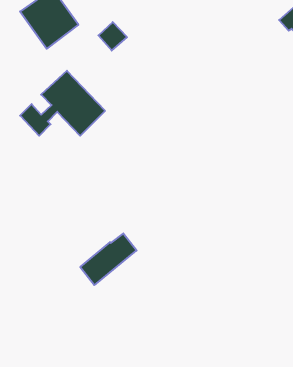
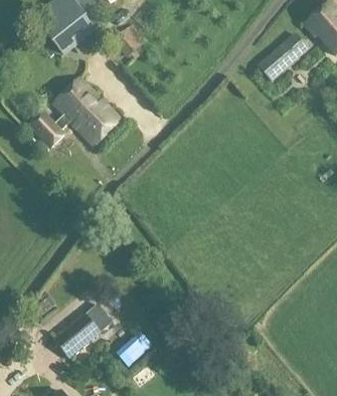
building: none -> [256,32,308,81]
building: [80,233,137,285] -> [52,304,112,358]

